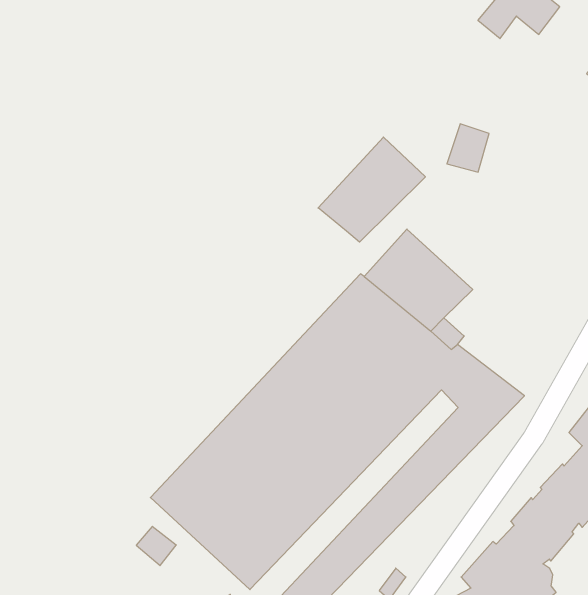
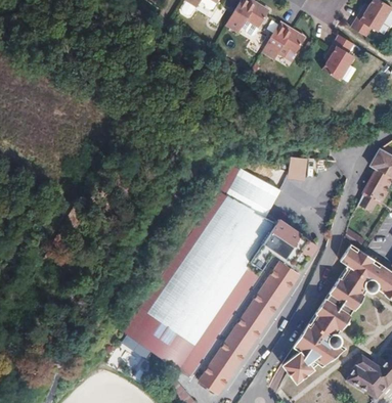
building: [447,124,489,172] -> [286,153,306,178]
building: [318,137,425,242] -> none

